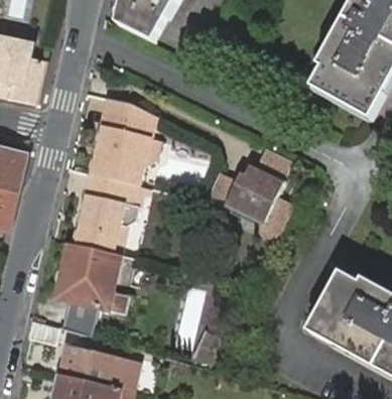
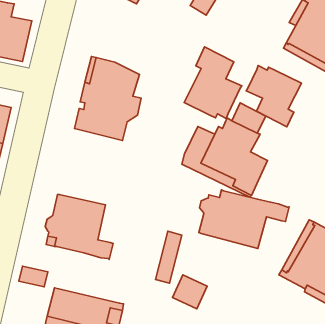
building: none -> [184,47,242,118]
building: none -> [246,66,301,127]
building: [74,174,147,256] -> none
building: none -> [199,190,289,248]
building: [63,300,100,337] -> none

